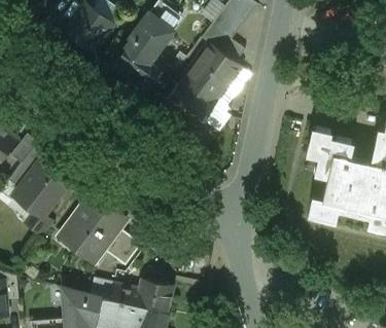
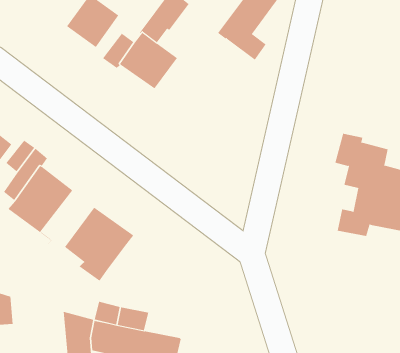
building: [164,45,241,130] -> none
building: [104,229,142,267] -> none
building: [136,280,174,313] -> none

